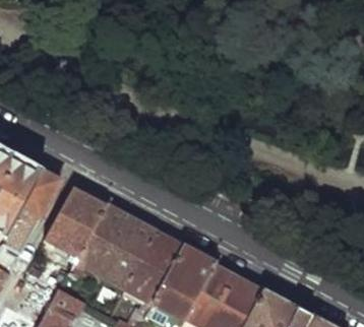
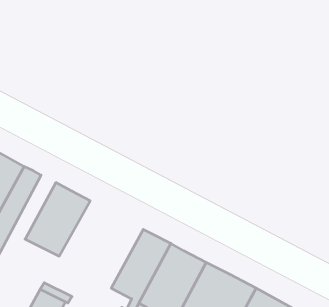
building: [66,205,156,288] -> none

